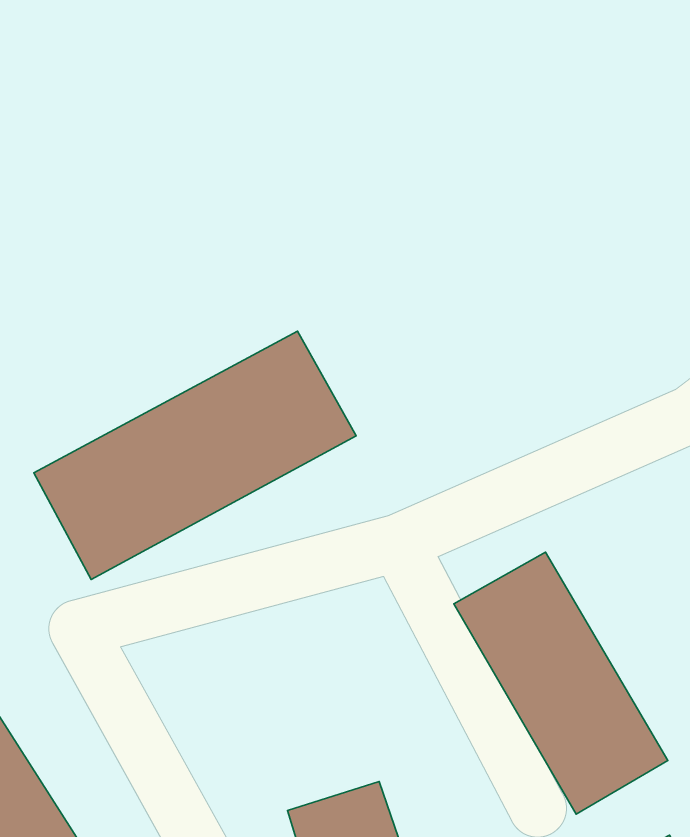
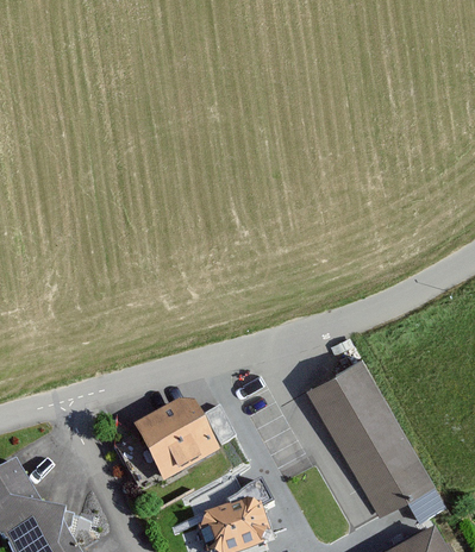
building: [34,331,356,579] -> none
building: none -> [132,399,233,482]

